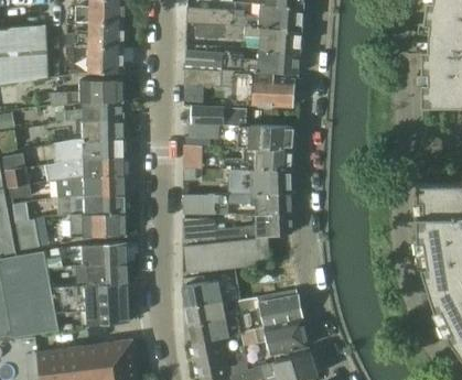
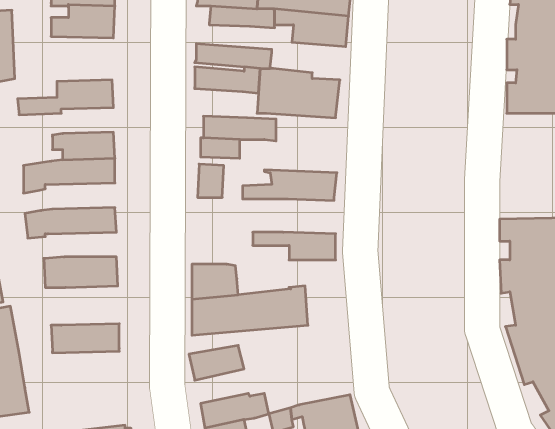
building: [71,45,122,72] -> none
building: [241,50,299,74] -> none
building: [65,99,122,121] -> none
building: [237,123,293,149] -> none
building: [66,156,123,177] -> none
building: [217,169,291,195] -> none
building: [58,194,125,215] -> none
building: [183,194,228,215] -> none
building: [216,215,291,241] -> none
building: [82,243,127,264] -> none
building: [51,284,128,325] -> none
building: [235,290,302,325] -> none
building: [184,297,225,324] -> none

